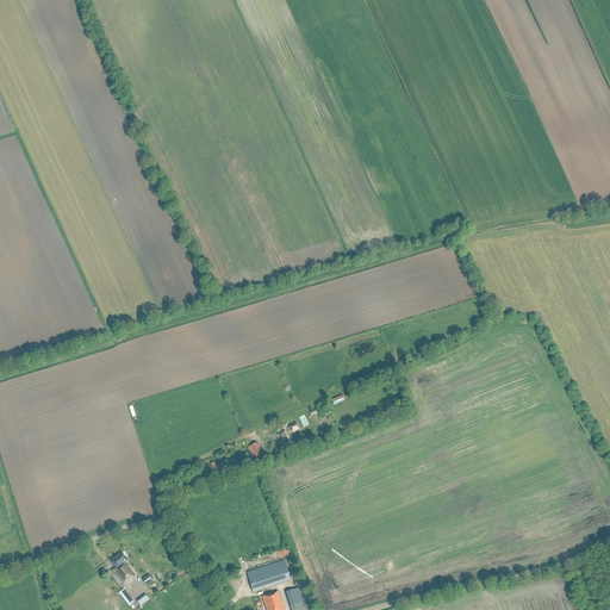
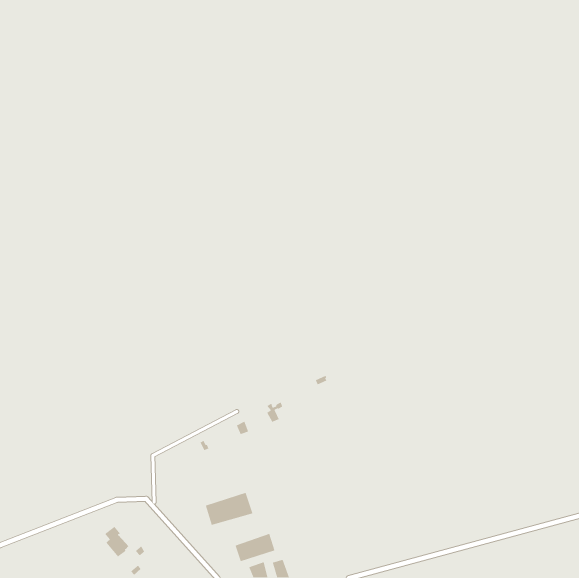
building: none -> [205,492,253,526]

